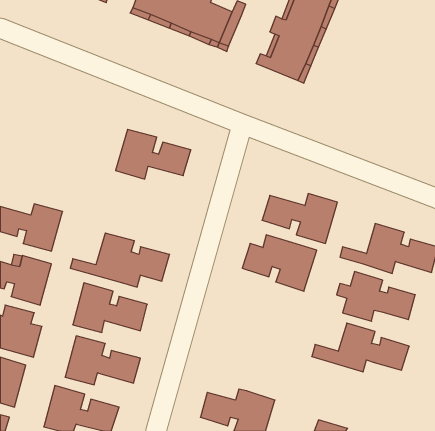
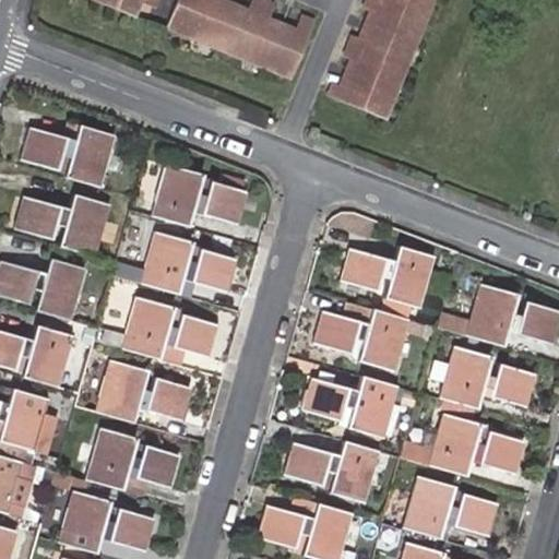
building: none -> [20,127,112,189]
building: none -> [10,195,106,258]
building: none -> [140,235,237,296]
building: none -> [304,374,397,437]
building: none -> [285,436,381,500]
building: none -> [403,473,499,544]

